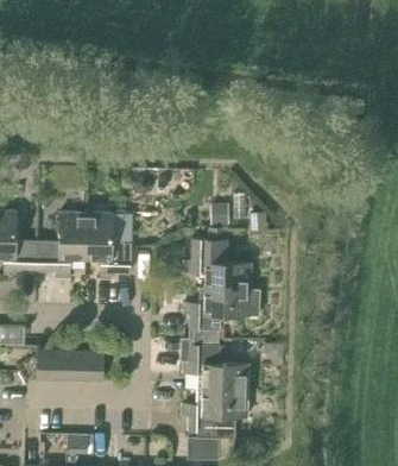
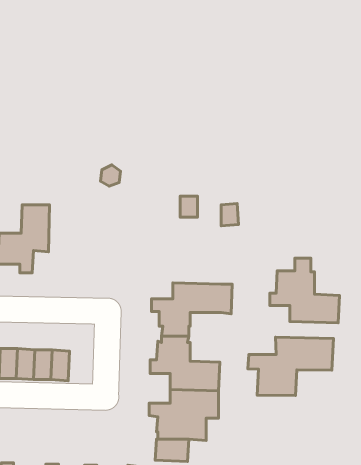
building: [84,213,131,279] -> none
building: [184,227,251,289] -> [270,258,339,323]
building: none -> [248,337,334,395]

